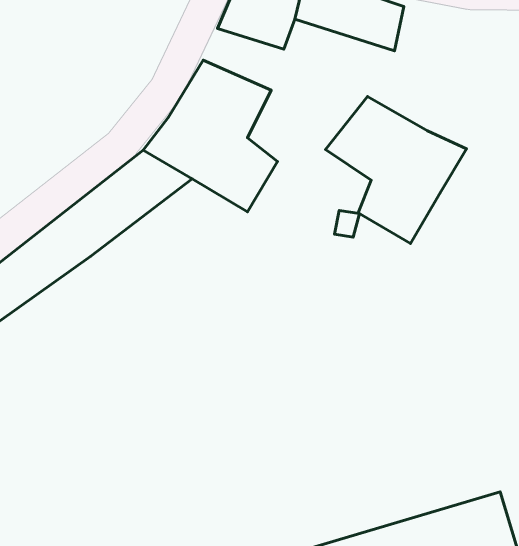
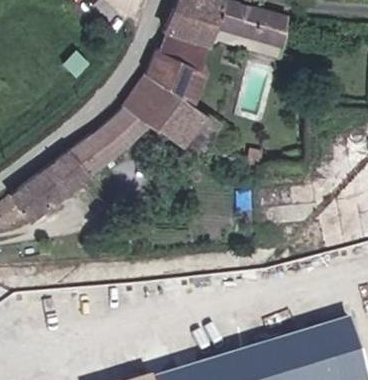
building: none -> [159,32,210,71]
building: [326,96,467,244] -> none

